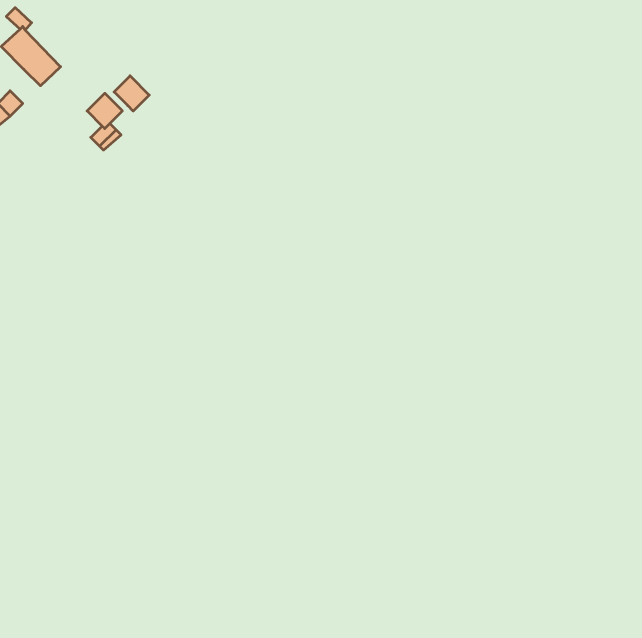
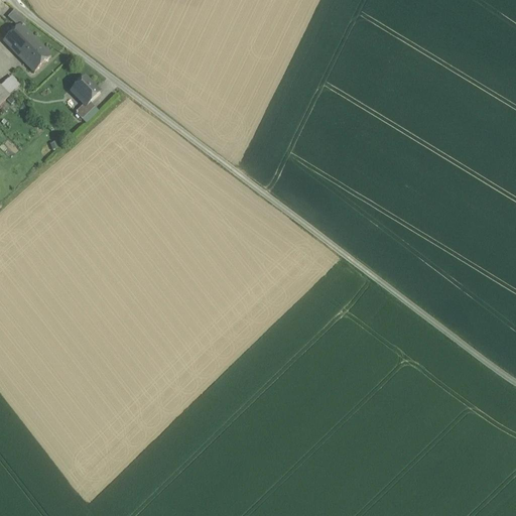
building: [114,76,149,111] -> none

